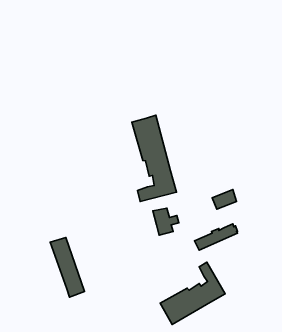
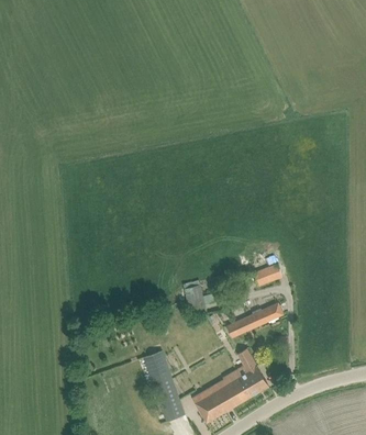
building: [132,115,176,201] -> none
building: [50,237,84,297] -> [143,350,184,421]

